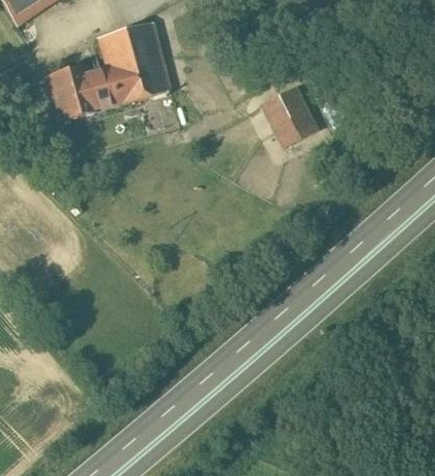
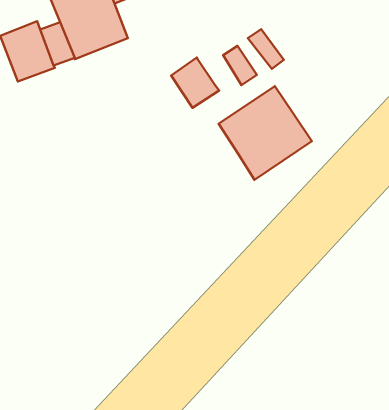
building: none -> [171,58,219,108]
building: none -> [218,86,312,180]

